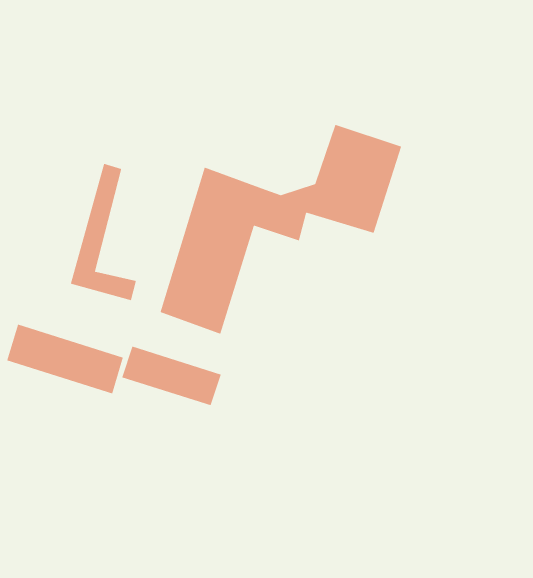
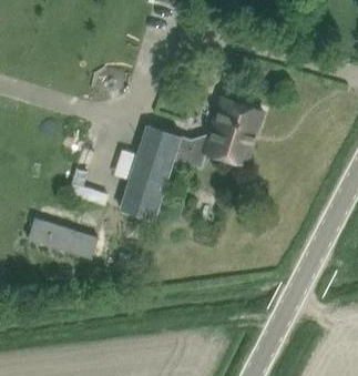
building: [121,346,222,406] -> none

